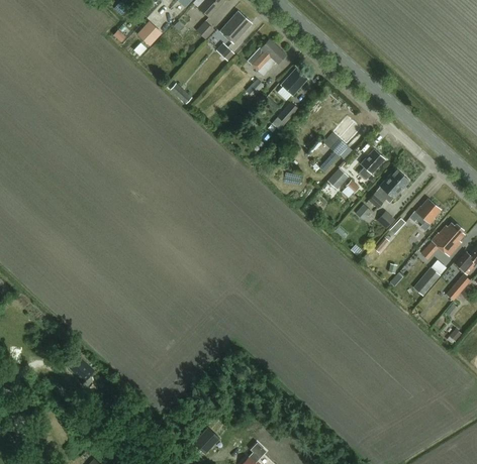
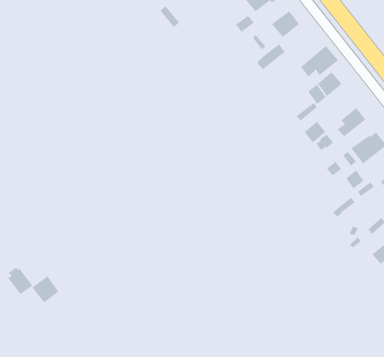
building: none -> [300,45,339,78]
building: none -> [31,276,59,303]

